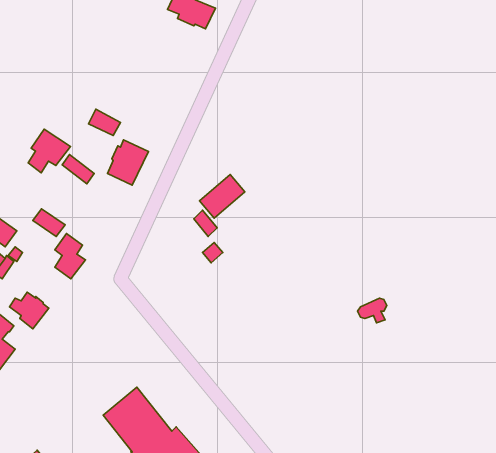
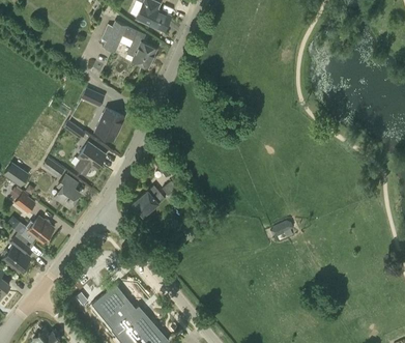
building: none -> [104,21,156,67]
building: [28,129,70,173] -> [77,143,107,174]
building: [199,174,245,218] -> [133,185,165,217]

